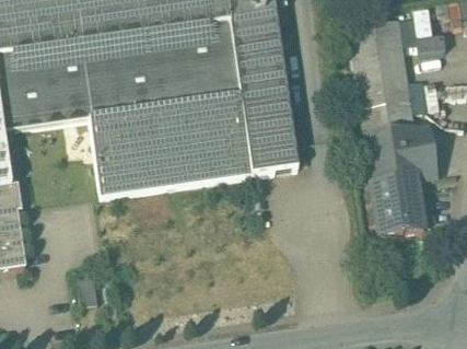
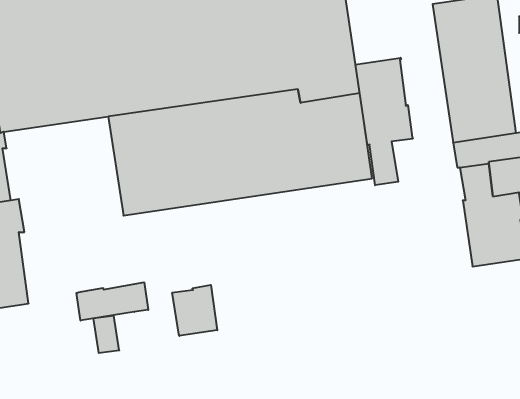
building: none -> [355,58,413,185]
building: none -> [76,282,148,321]
building: none -> [172,285,217,336]

